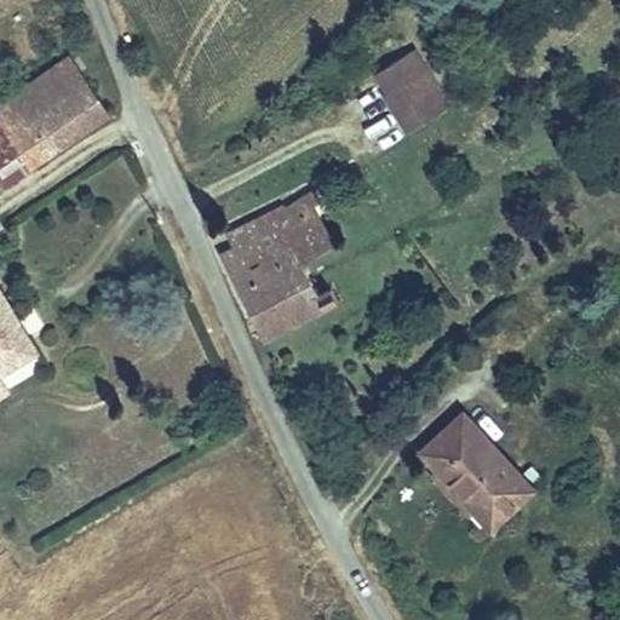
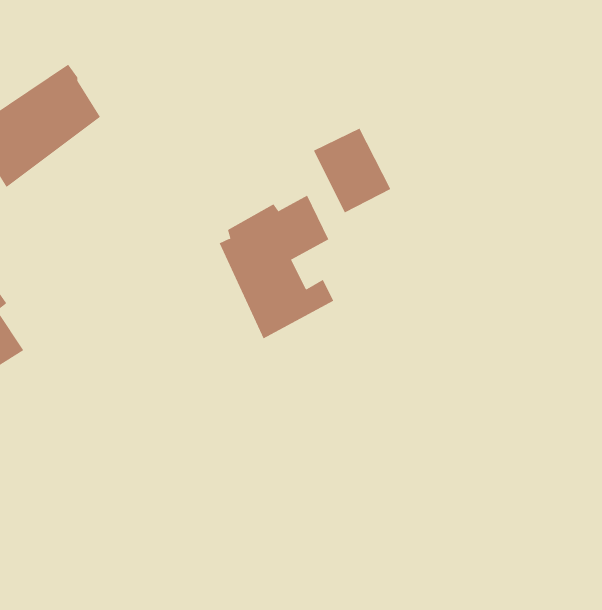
building: [360,45,438,131] -> [313,128,391,213]
building: [421,414,534,529] -> none

